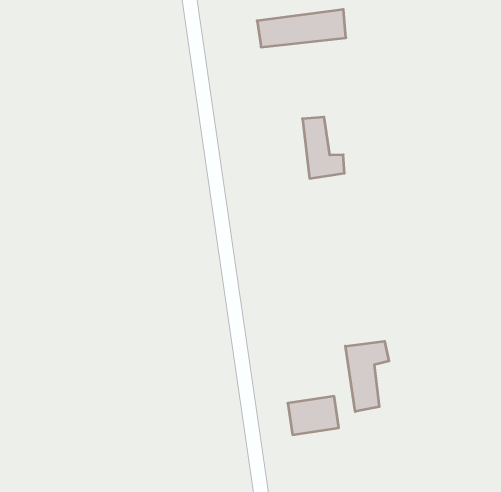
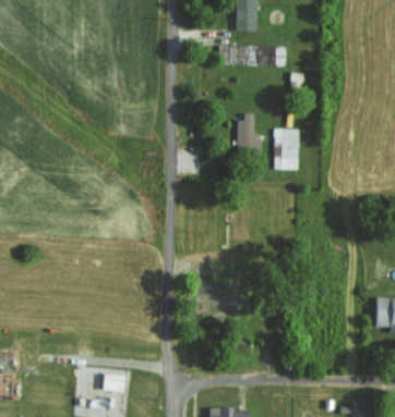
building: none -> [274,130,299,170]
building: [345,341,389,412] -> none

